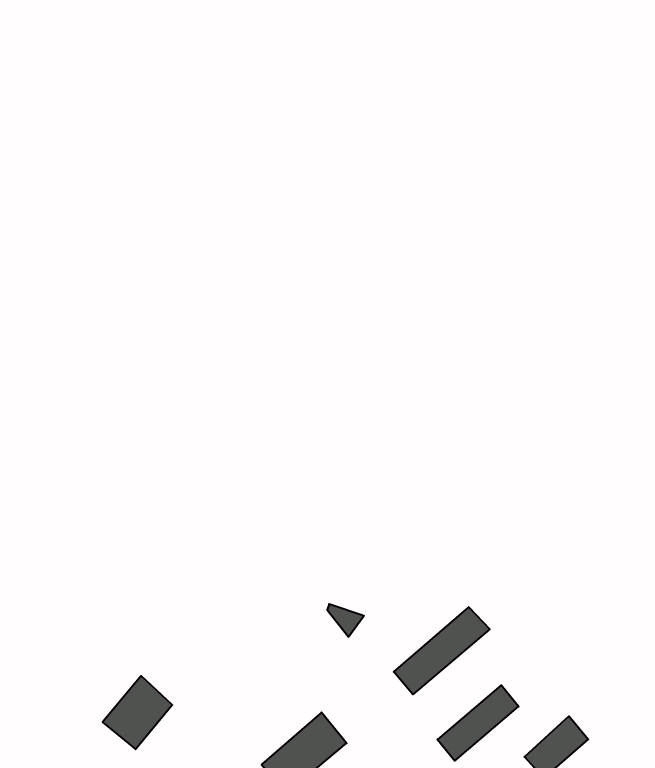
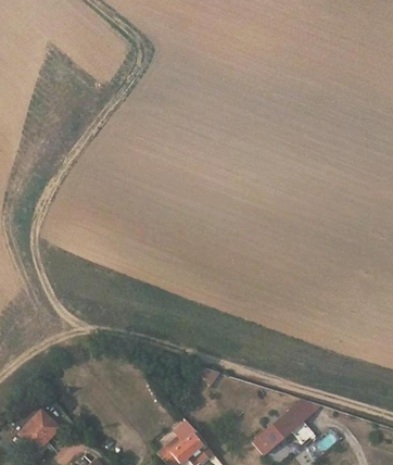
building: [394,607,490,694] -> none
building: [103,676,172,749] -> [20,407,59,449]

